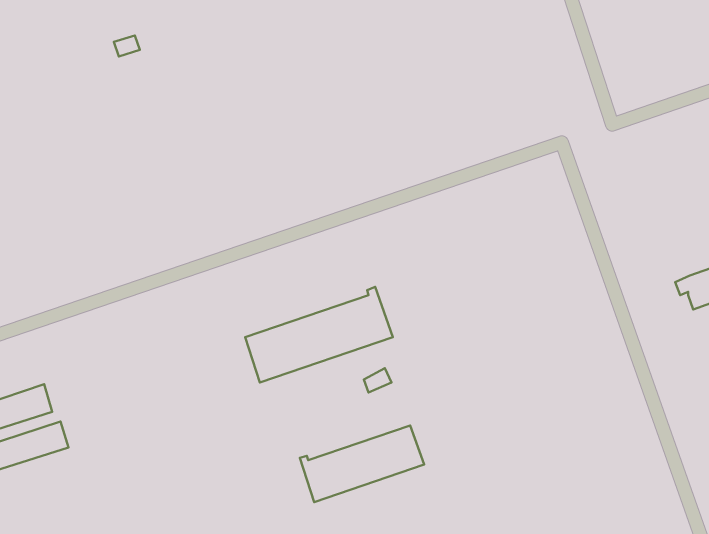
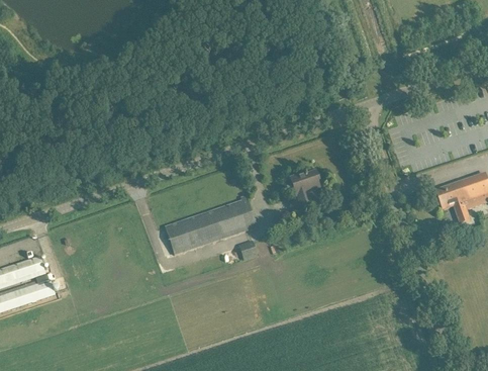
building: none -> [290,170,320,205]
building: [300,425,424,502] -> none

